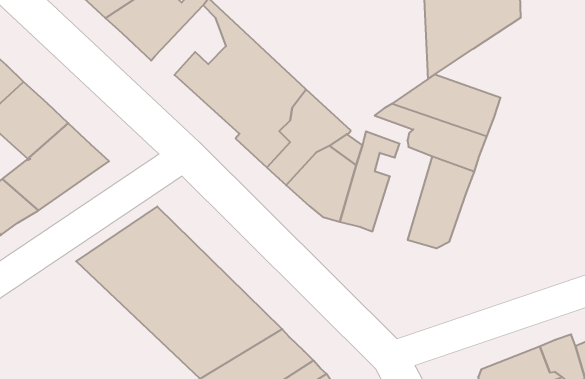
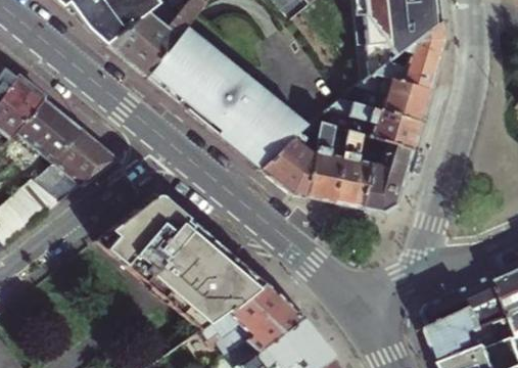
building: none -> [149,30,205,87]
building: none -> [374,24,442,89]
building: none -> [332,131,376,208]

